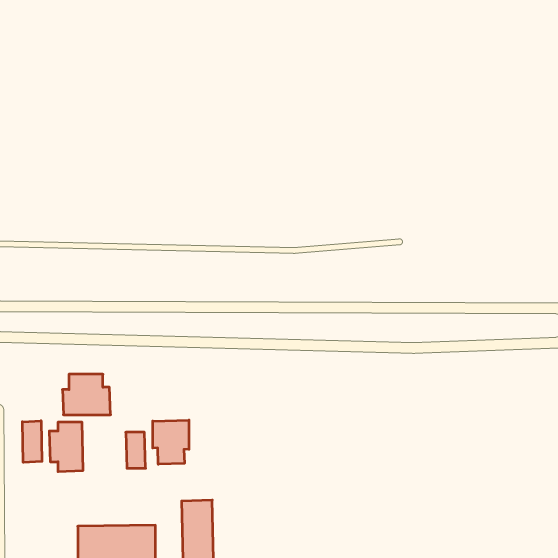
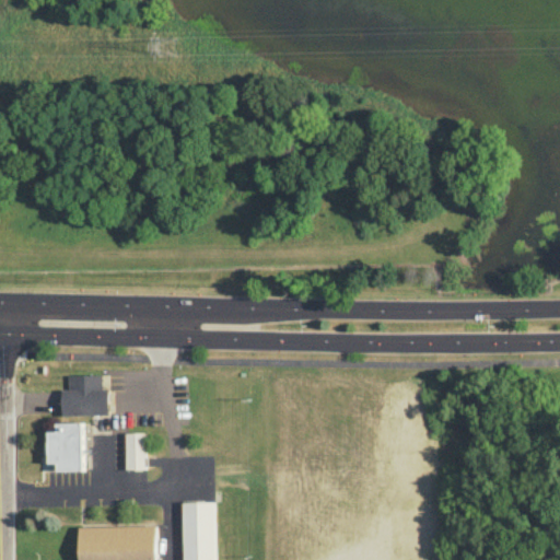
building: [153,420,189,464] -> none
building: [22,421,42,462] -> none

